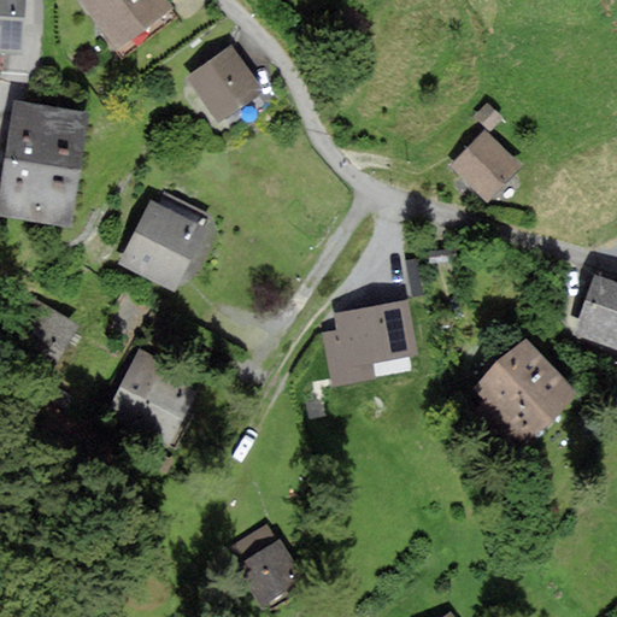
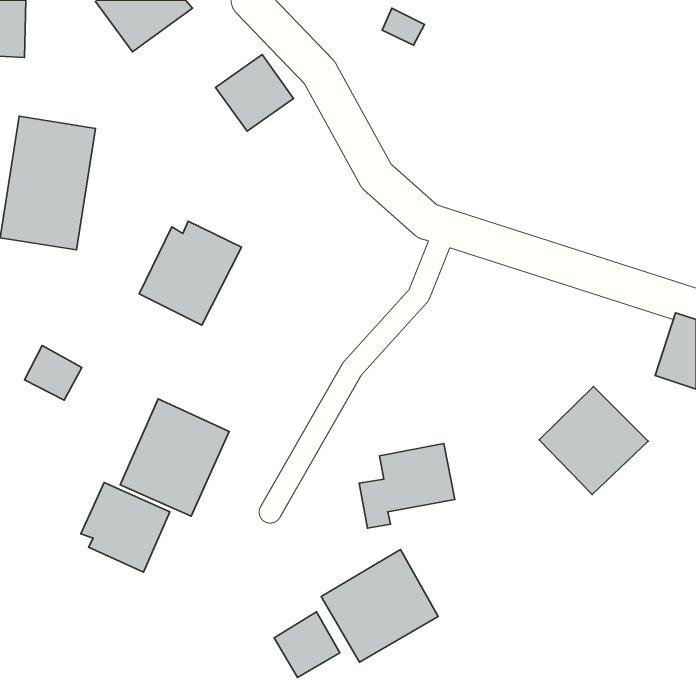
building: [457,135,517,196] -> none
building: [329,300,413,375] -> [359,444,455,528]
building: none -> [81,483,170,572]
building: none -> [321,549,438,662]

